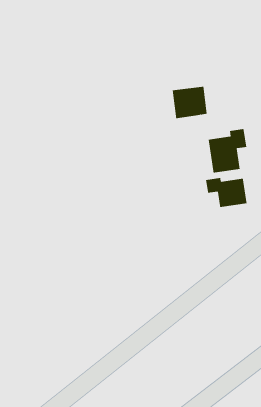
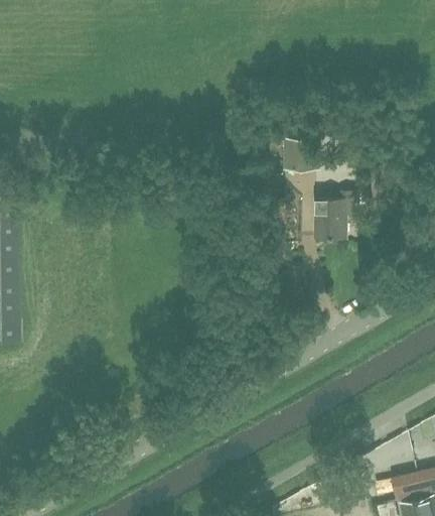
building: [206,177,247,208] -> none

